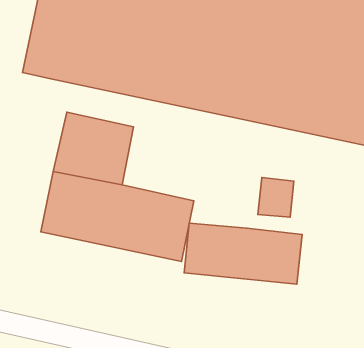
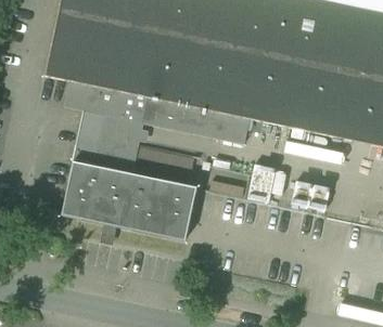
building: none -> [65,81,250,145]
building: [184,223,302,284] -> none

